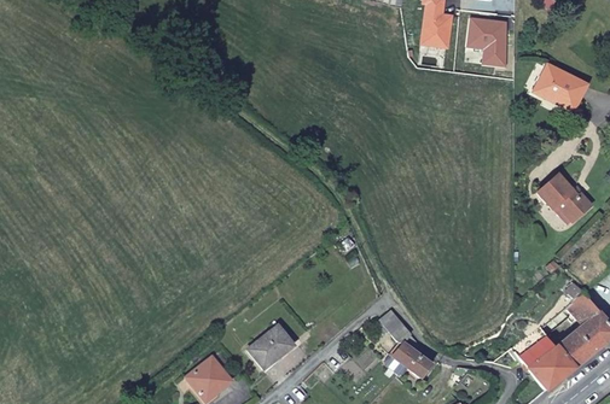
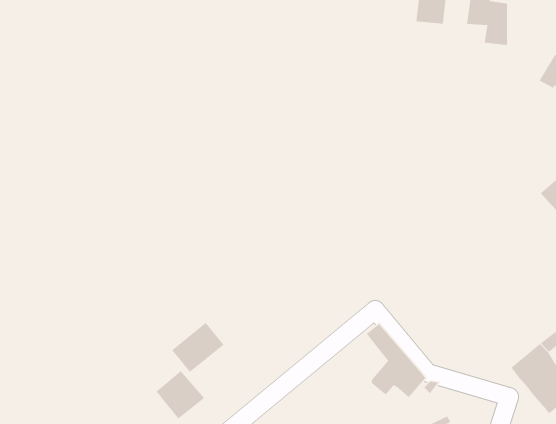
building: [249,321,297,367] -> [171,322,225,373]

